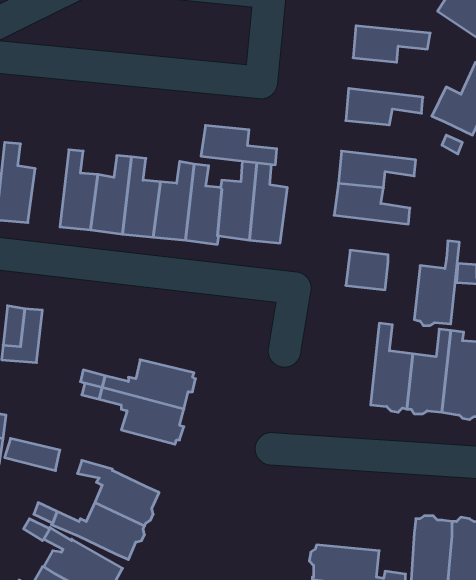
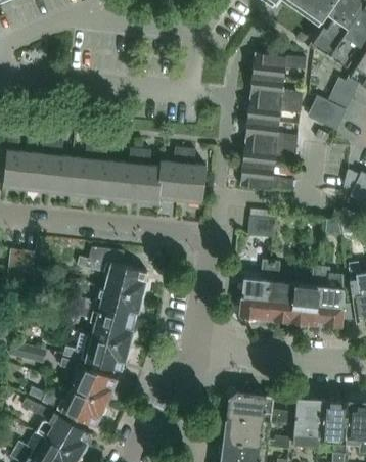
building: none -> [249,76,303,103]
building: [201,125,277,165] -> [244,120,298,147]
building: none -> [25,139,53,194]
building: [414,241,459,325] -> [239,261,271,320]
building: none -> [78,248,147,296]
building: none -> [63,334,130,371]
building: none -> [226,388,291,424]

